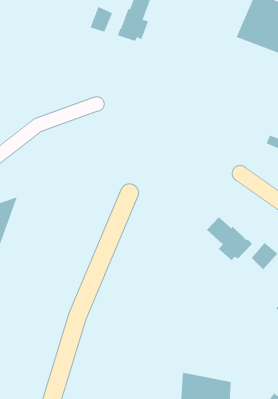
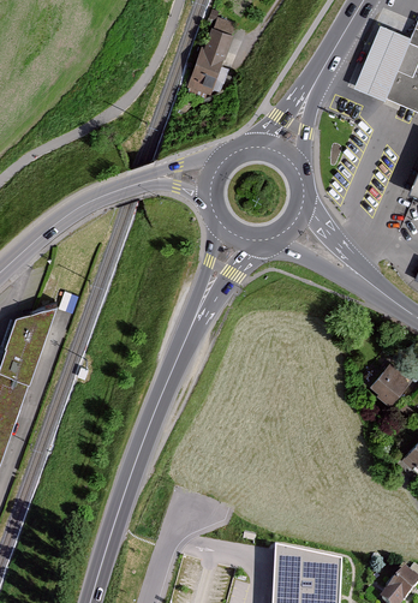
building: [90,6,113,32] -> none
building: [206,216,253,261] -> none

